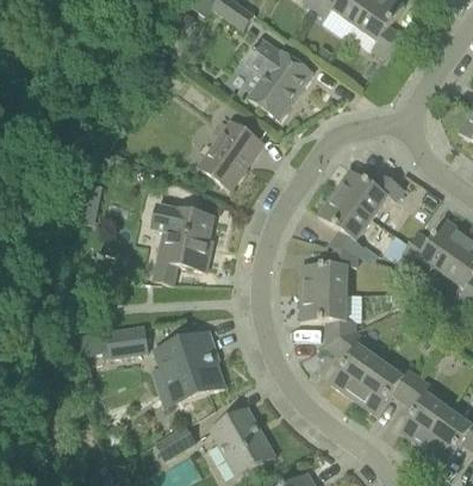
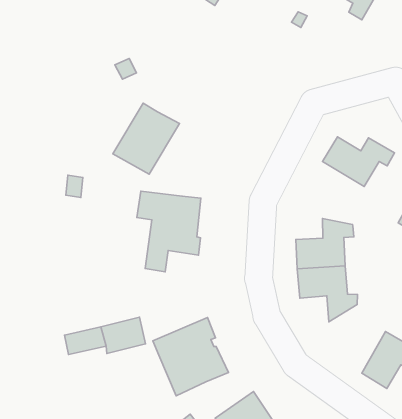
building: [247,37,312,119] -> none
building: [197,119,263,188] -> [113,103,179,174]
building: [318,191,372,254] -> none
building: [326,331,380,398] -> none

